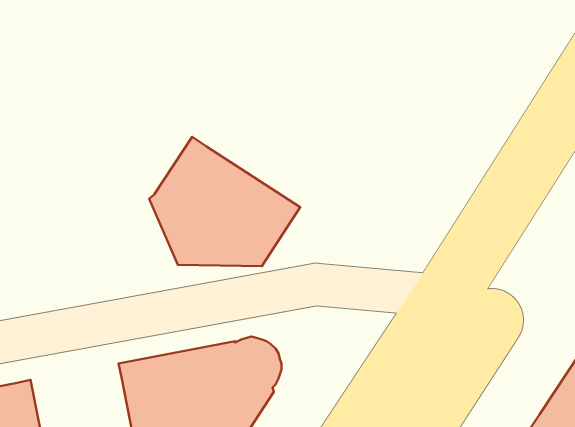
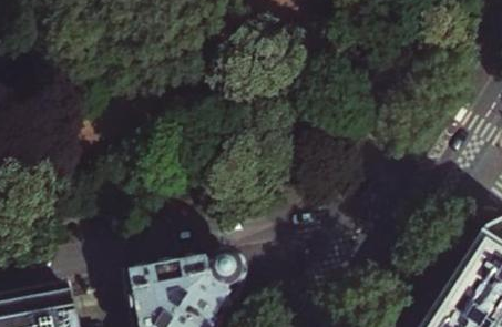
building: [149,137,300,266] -> none

